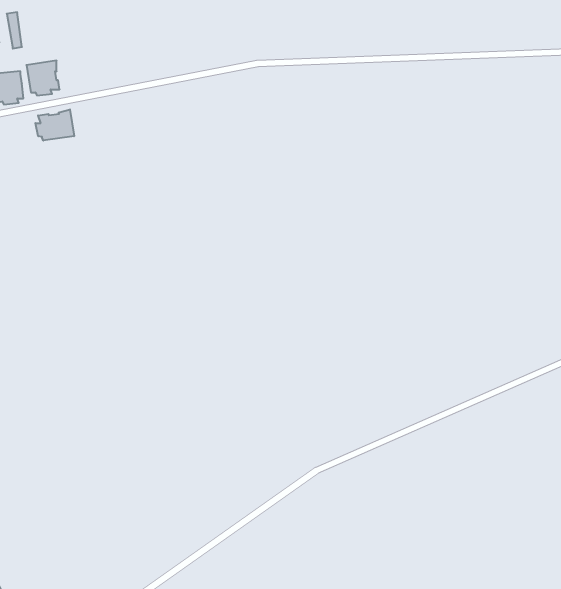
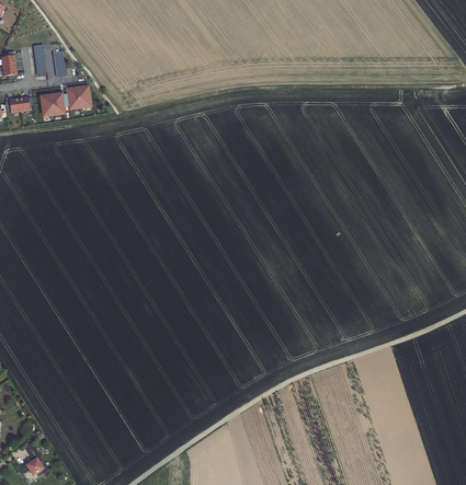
building: [35,109,74,141] -> none

